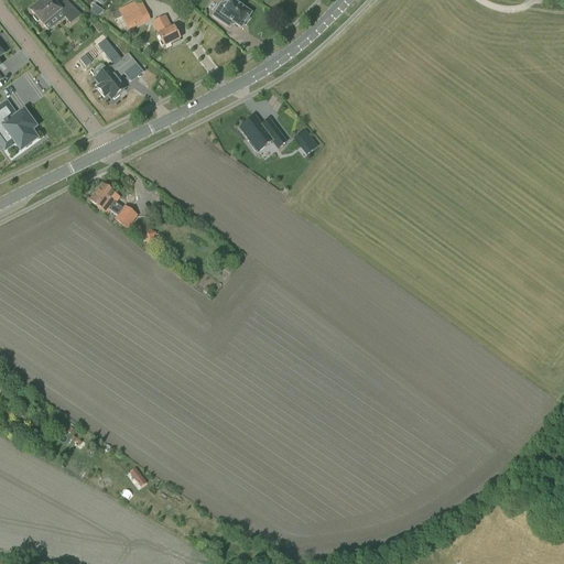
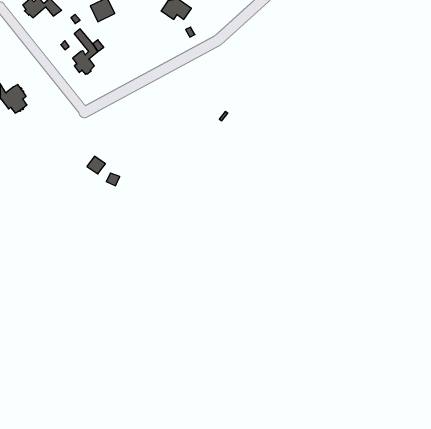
building: [151,13,180,44] -> none
building: [240,112,286,148] -> none
building: [89,182,121,212] -> none

